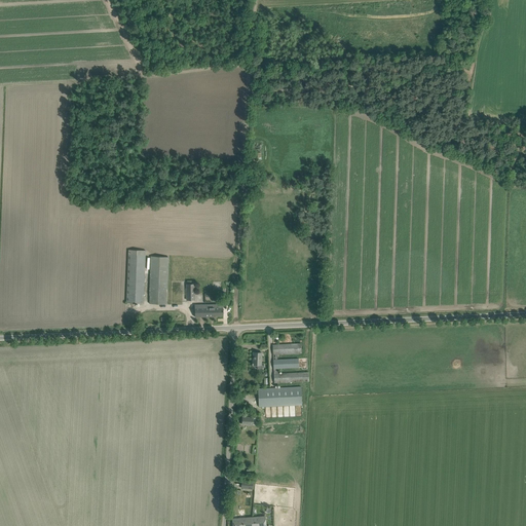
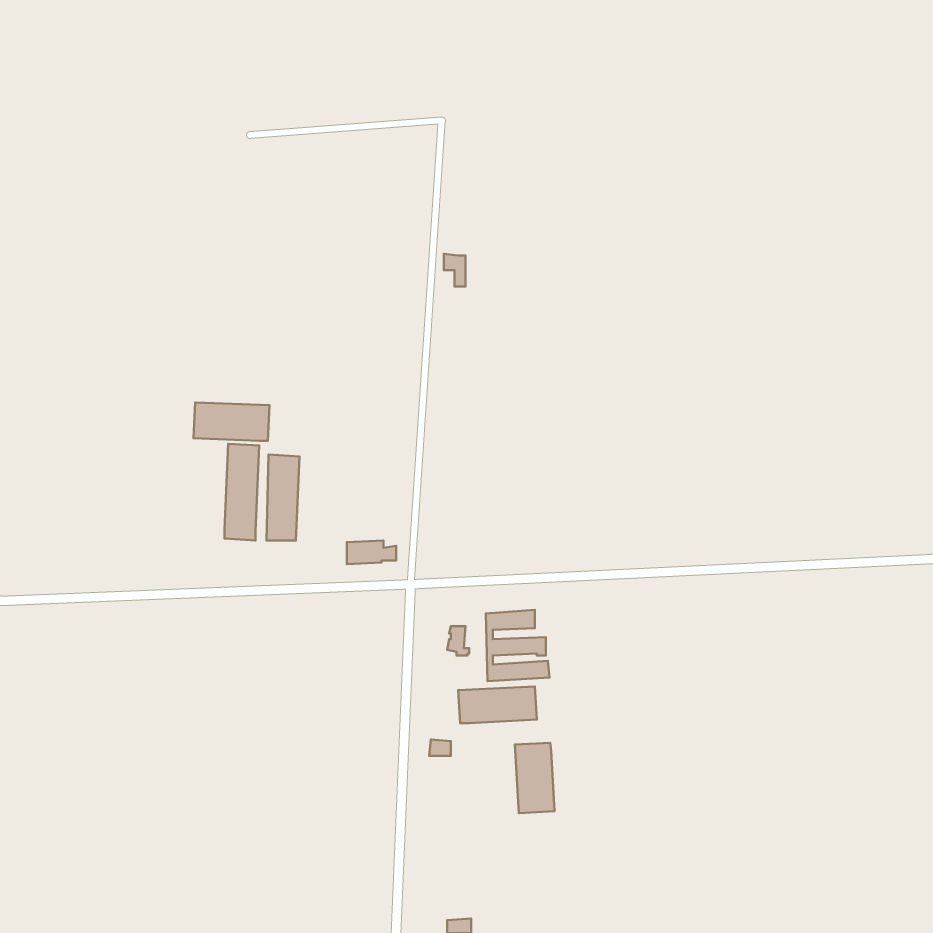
building: none -> [194,403,269,441]
building: none -> [515,743,554,813]

